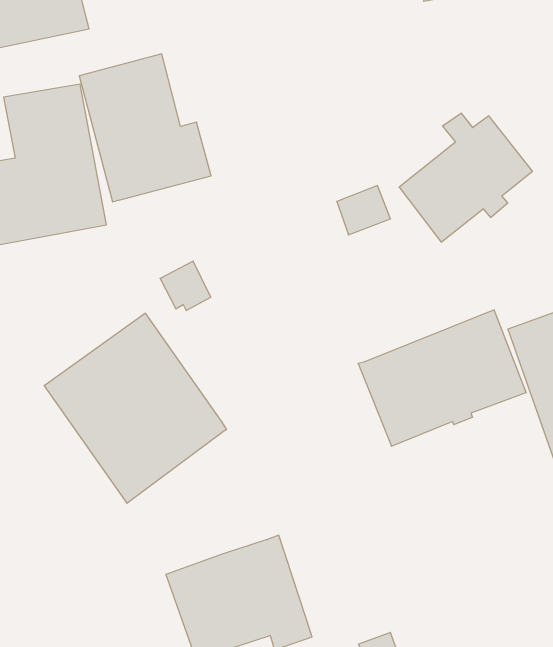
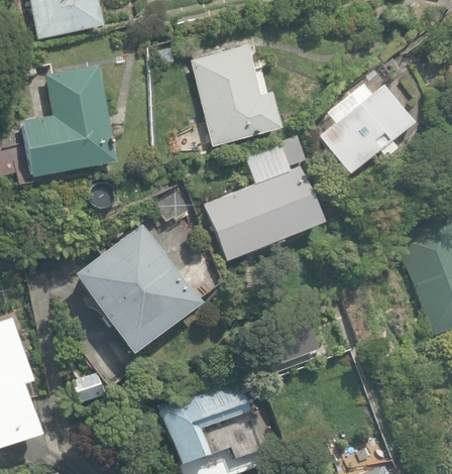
building: [79,54,211,202] -> [190,44,281,147]
building: [358,310,526,446] -> [205,165,322,260]

